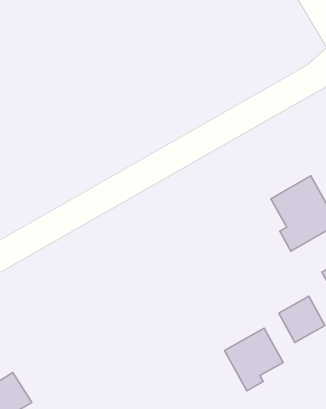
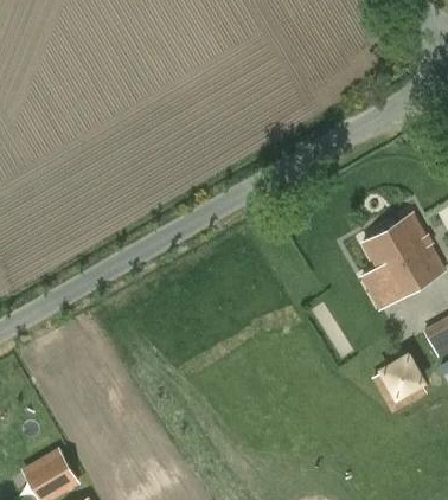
building: [225,328,283,391] -> none

